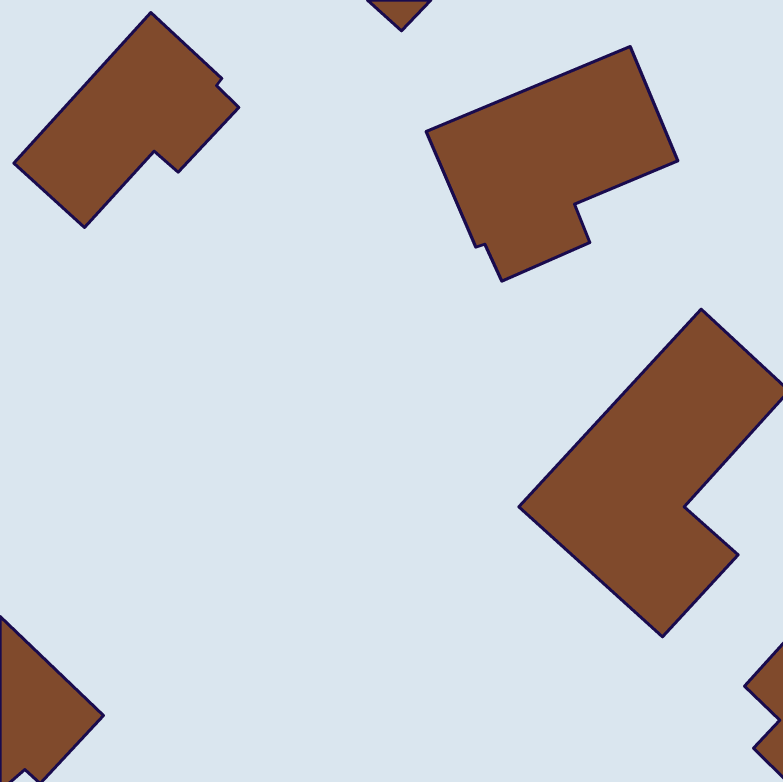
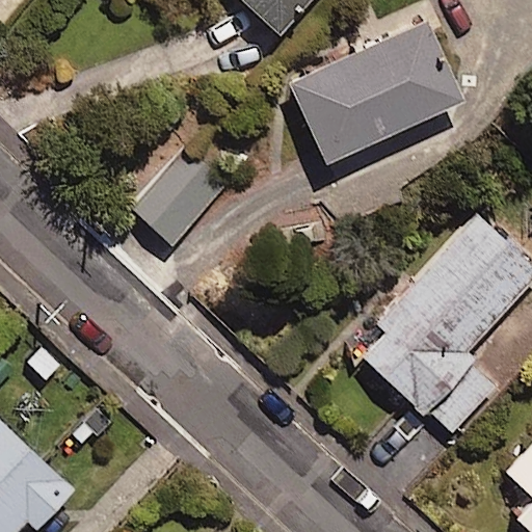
building: [14,12,239,227] -> none
building: none -> [126,142,225,243]

